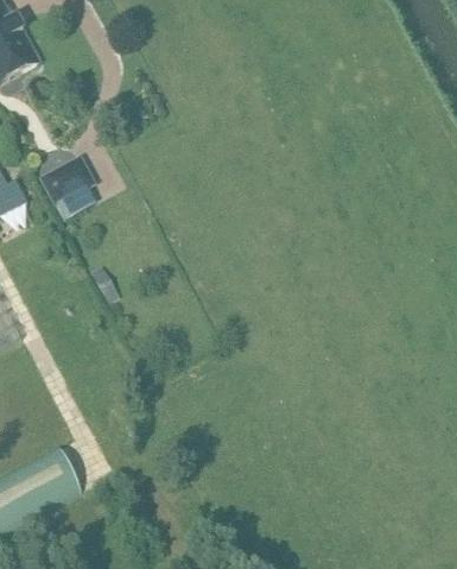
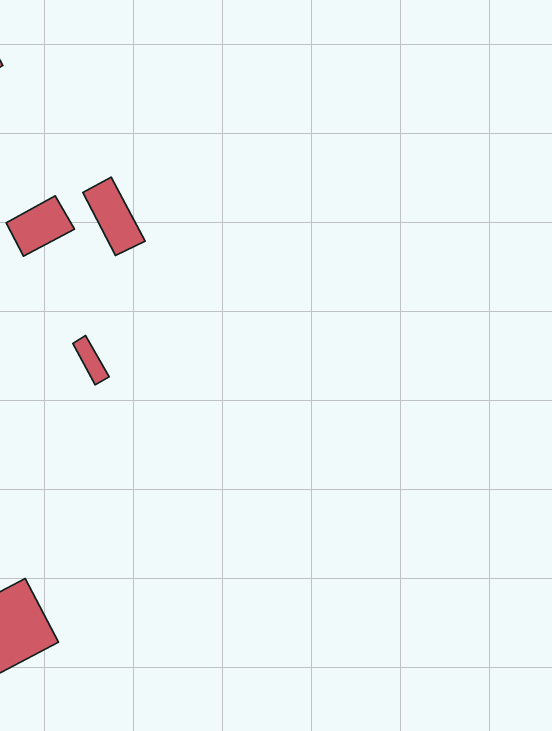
building: none -> [83,177,145,255]

